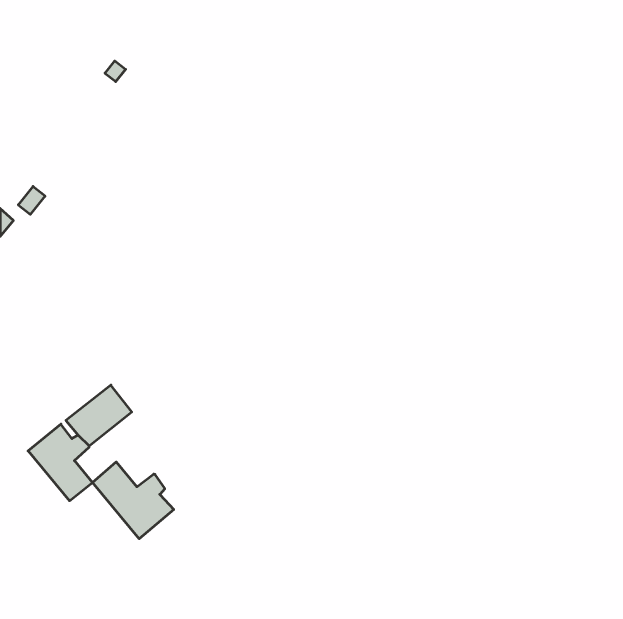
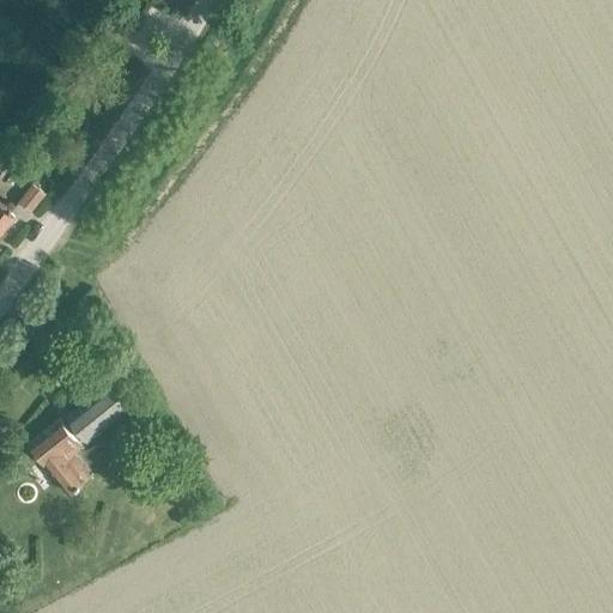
building: [93,462,174,539] -> none

